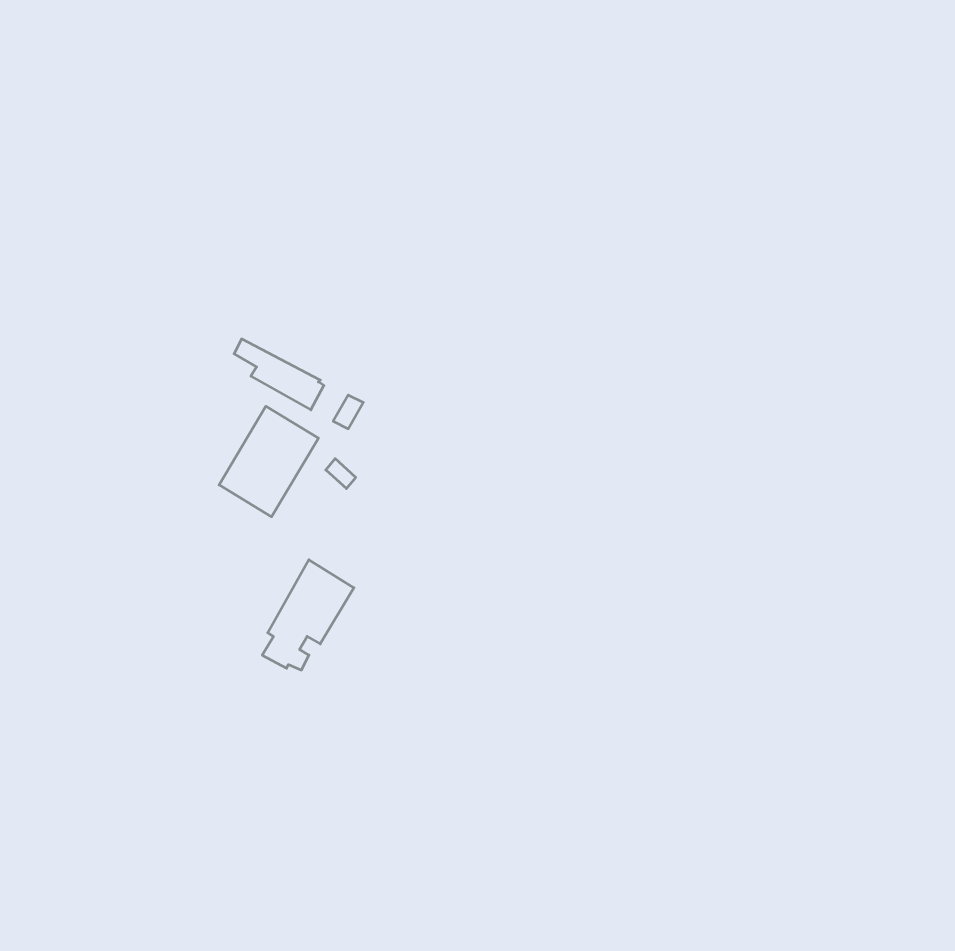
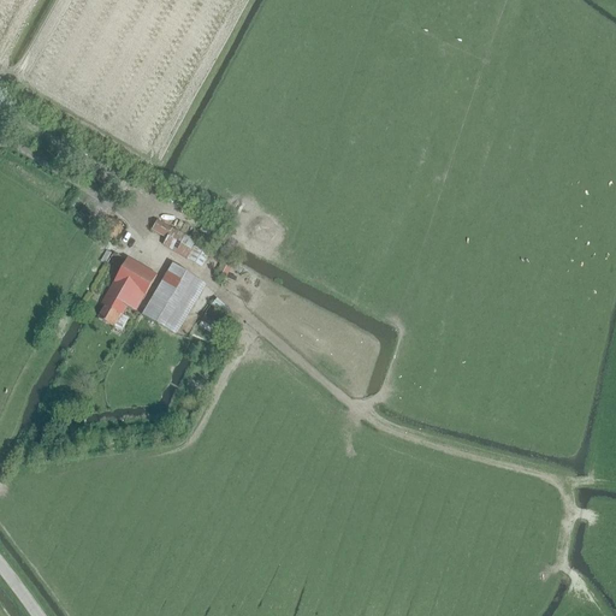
building: [262,560,354,670] -> [96,255,155,326]

